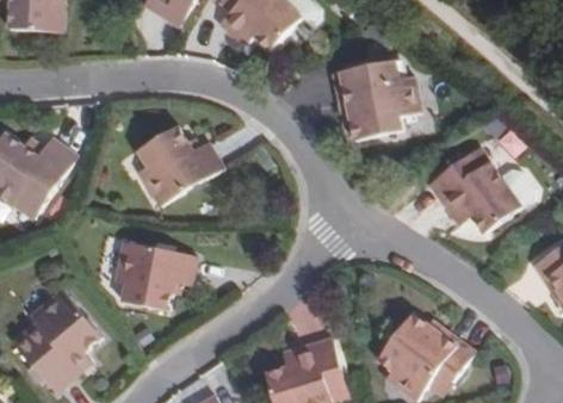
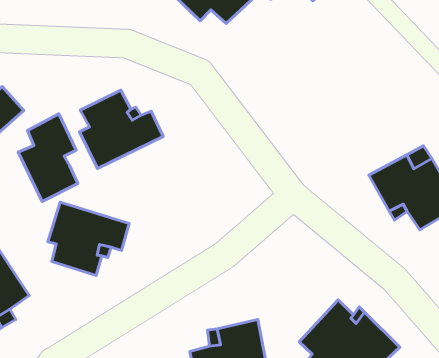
building: [329,62,416,141] -> none
building: none -> [18,114,78,202]

